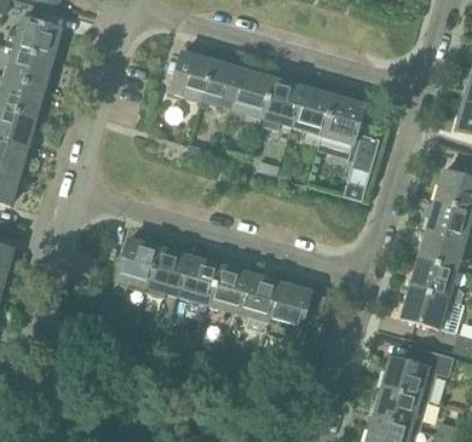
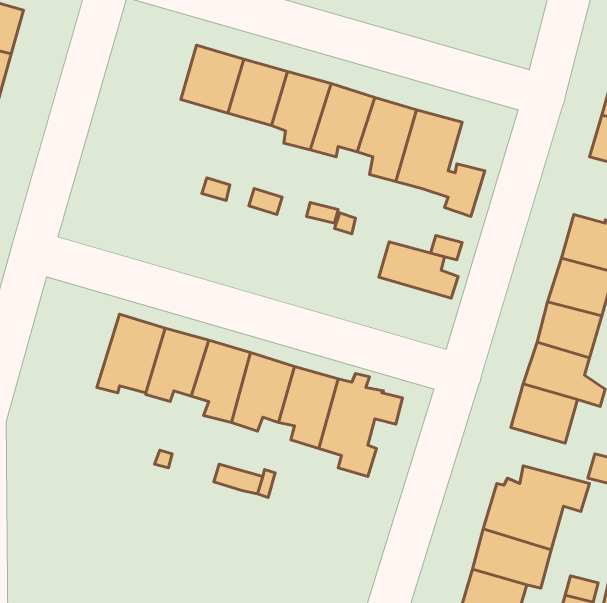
building: none -> [379,242,458,298]

